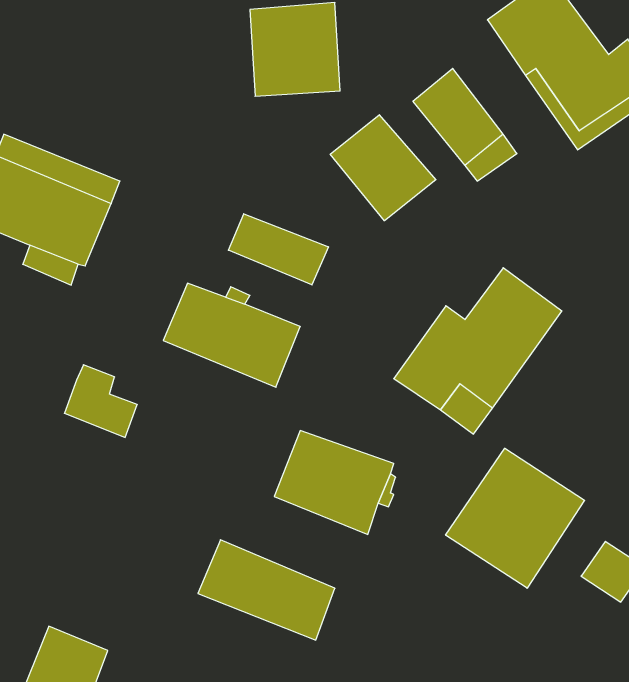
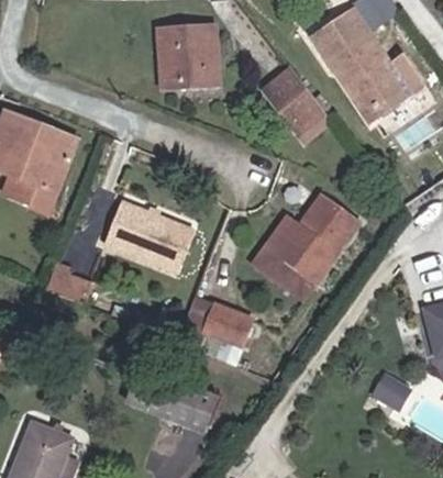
building: [330,115,436,221] -> none
building: [228,214,328,285] -> none
building: [446,448,585,588] -> none

